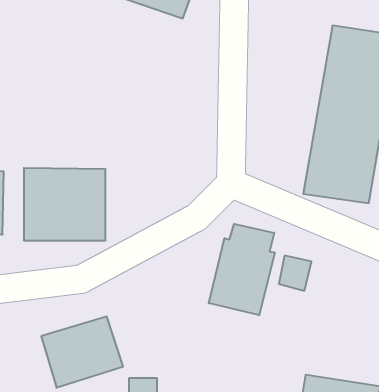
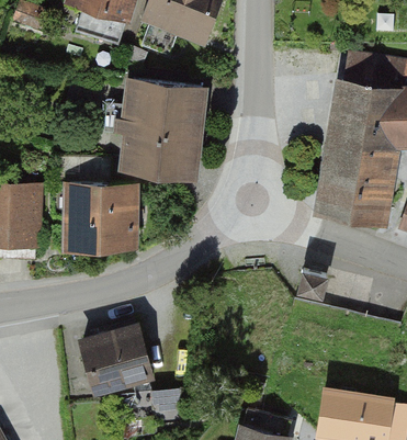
building: none -> [123,86,205,180]
building: [209,224,275,315] -> none

